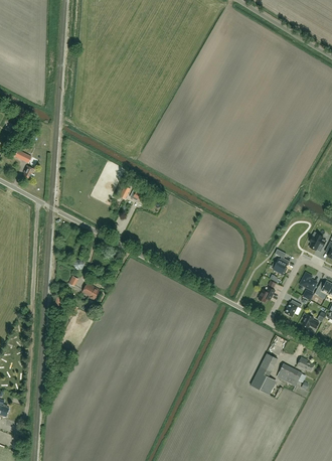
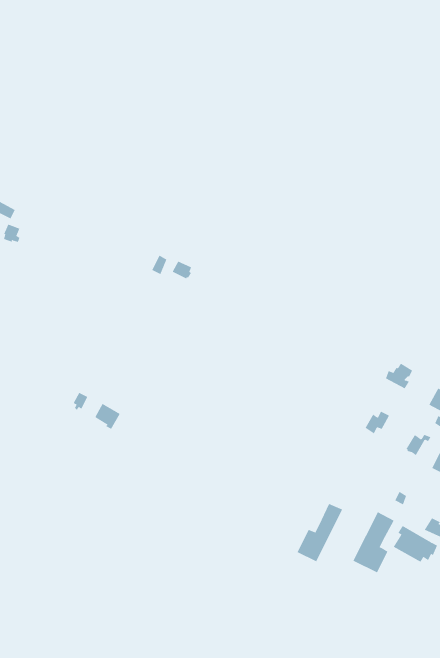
building: none -> [297,503,343,562]

